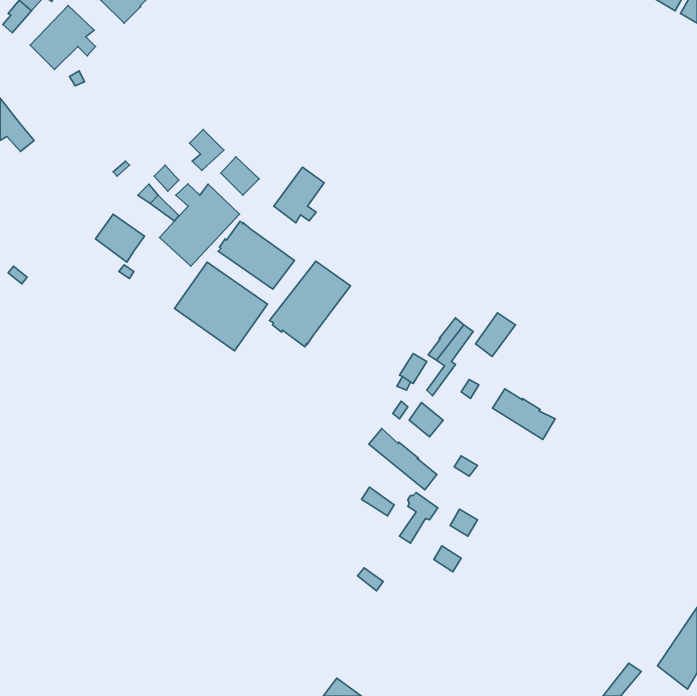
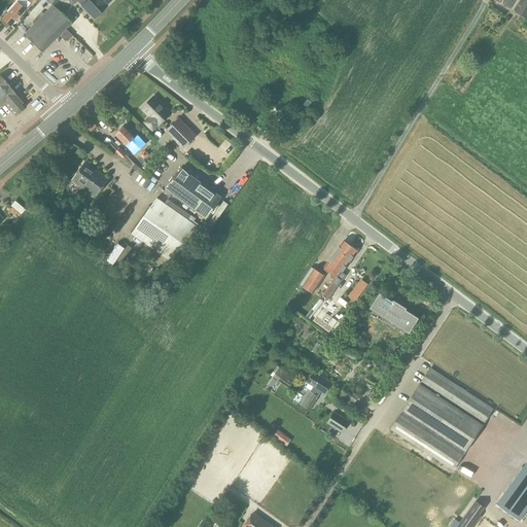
building: [274,167,324,223] -> none
building: [160,184,240,266] -> none
building: [270,261,350,347] -> none
building: [476,313,515,356] -> none
building: [369,429,437,490] -> none
building: none -> [390,367,493,469]

